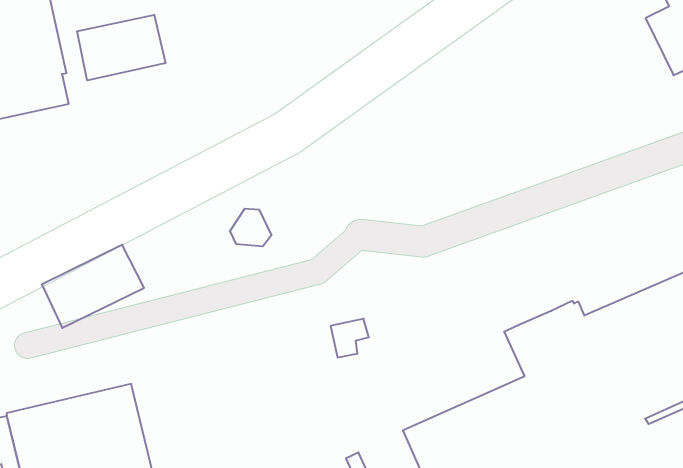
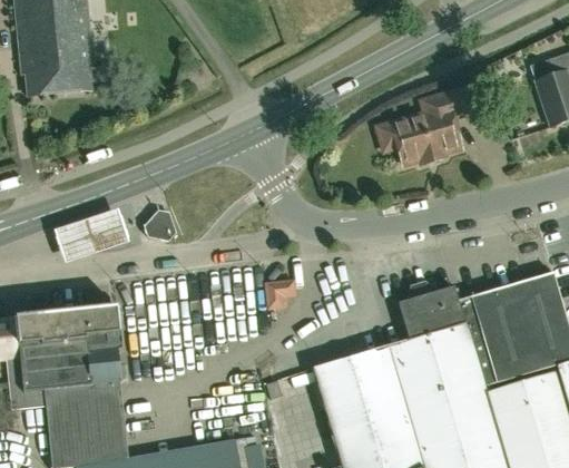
building: [77,15,165,80] -> none
building: none -> [389,85,481,164]
building: [230,209,272,246] -> [145,209,176,240]

